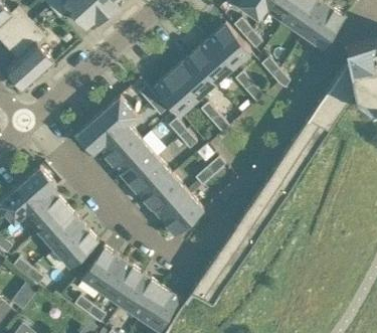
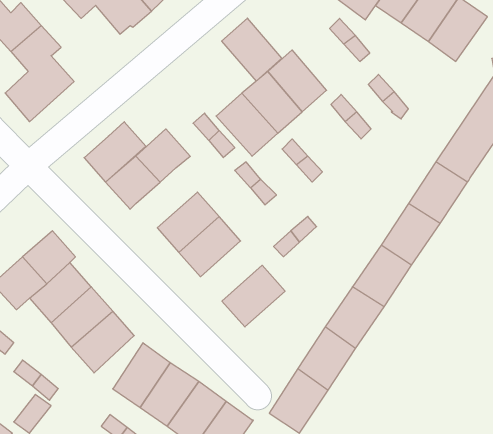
building: [207,25,249,69] -> [222,18,282,81]
building: [98,124,141,166] -> [84,122,146,182]
building: [143,175,186,217] -> none

